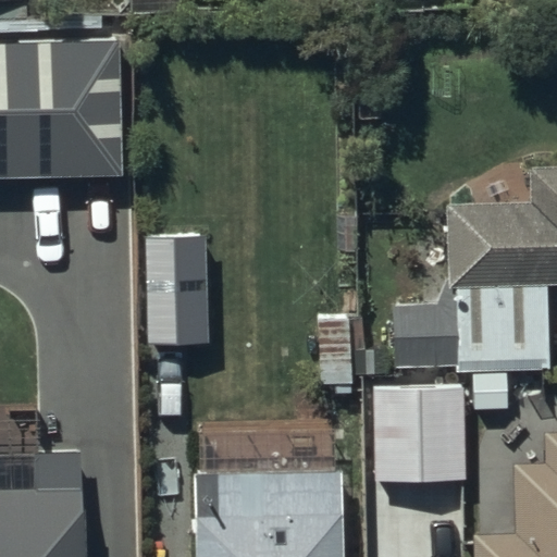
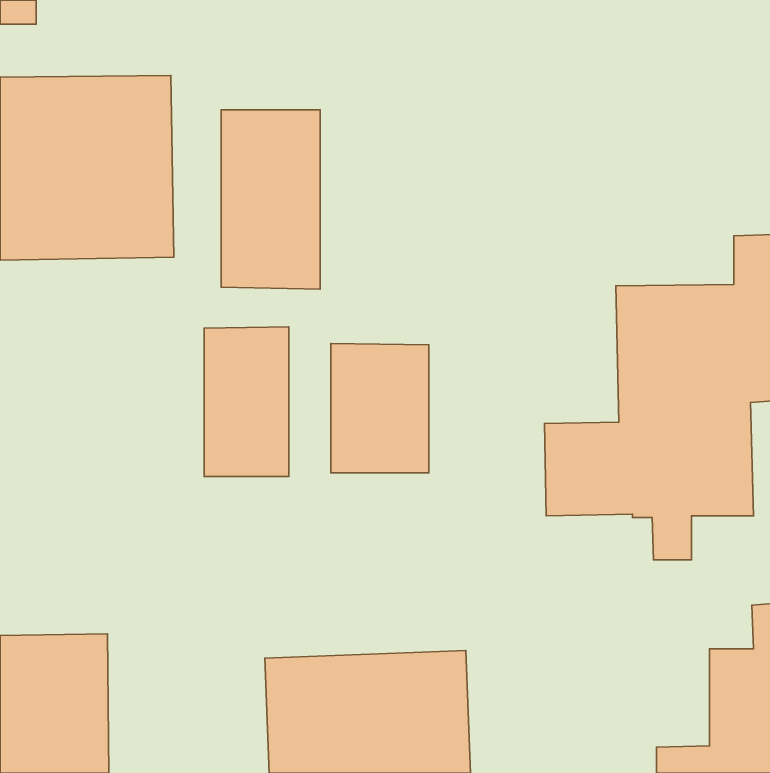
building: none -> [221,110,320,289]
building: none -> [331,343,429,473]
building: [374,384,461,483] -> none

